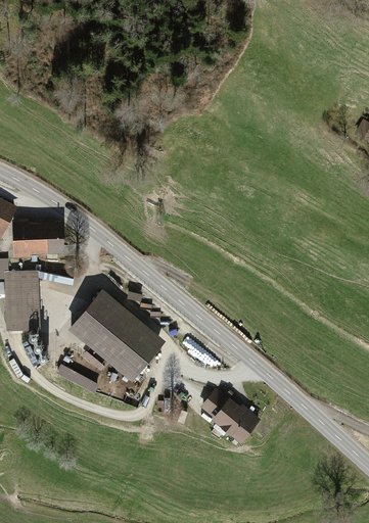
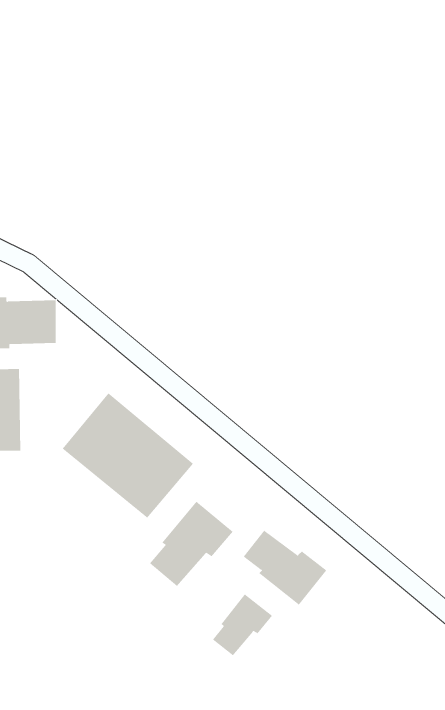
building: none -> [149,501,233,587]
building: none -> [212,594,273,656]

